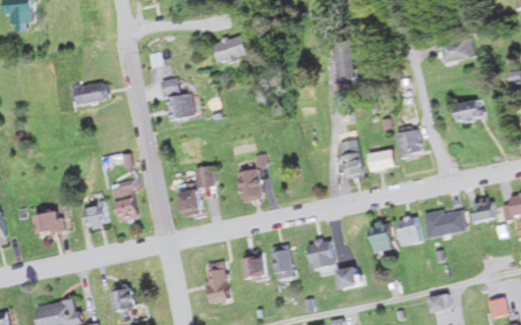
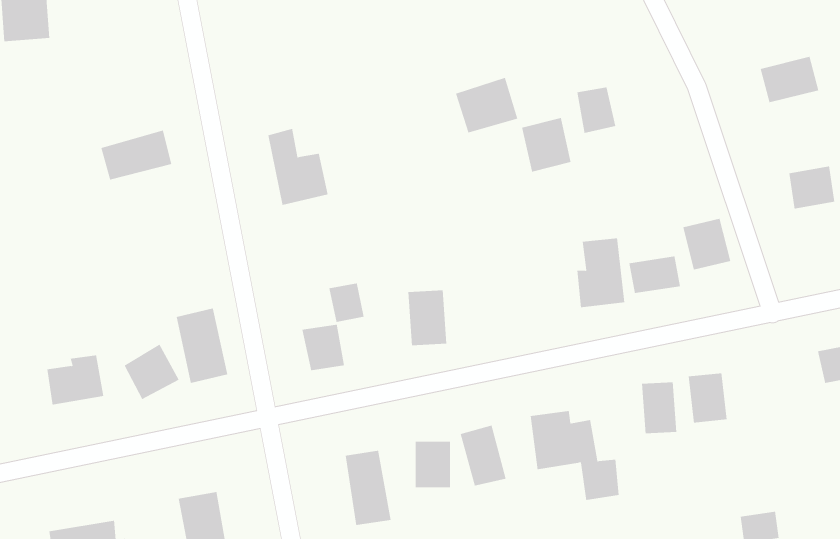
building: [217,33,252,64] -> [455,77,518,133]
building: none -> [522,117,571,172]
building: [423,207,466,238] -> none

